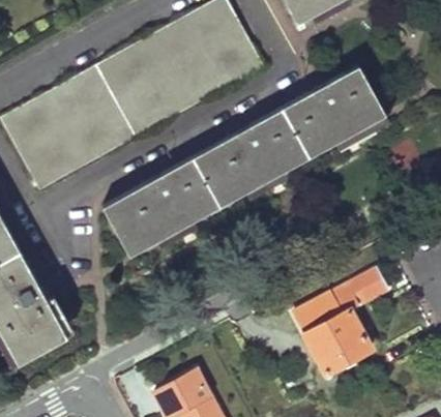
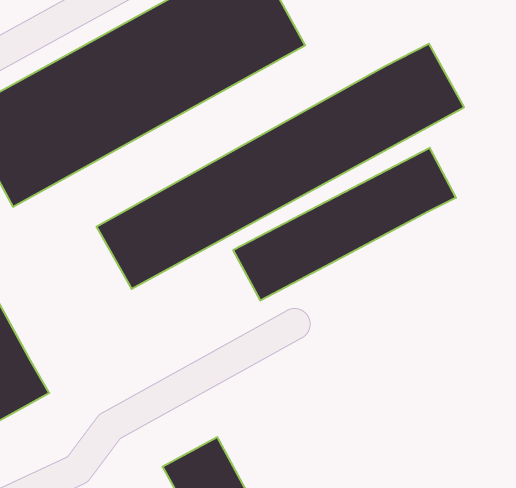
building: none -> [233,148,456,301]
building: [294,269,388,376] -> none

